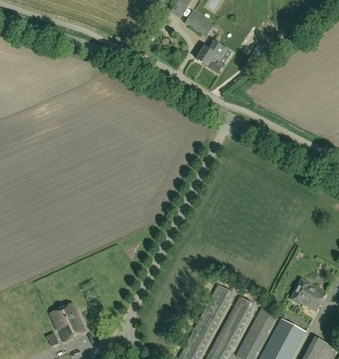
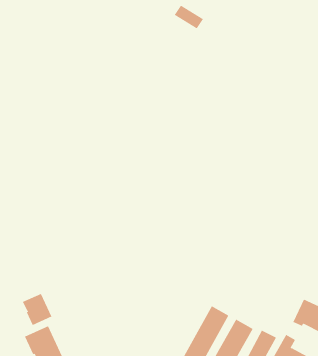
building: [196,42,226,74] -> none
building: none -> [22,293,52,326]

